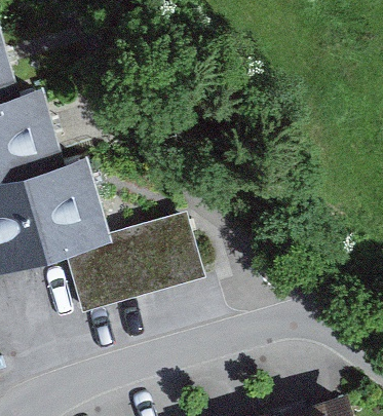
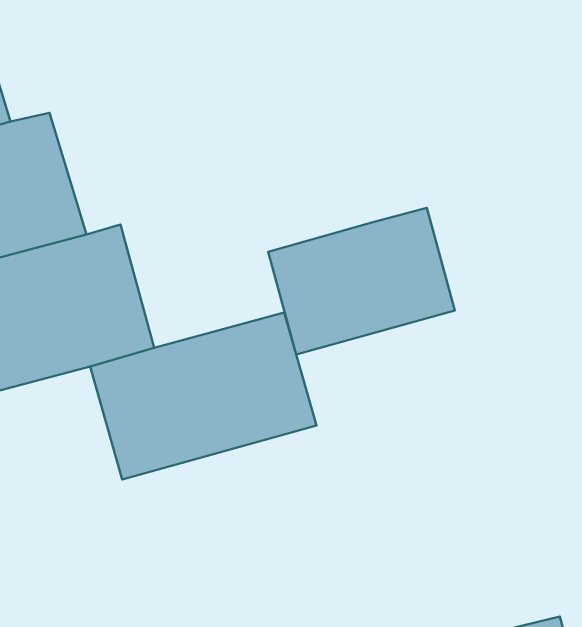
building: none -> [268,208,455,355]

